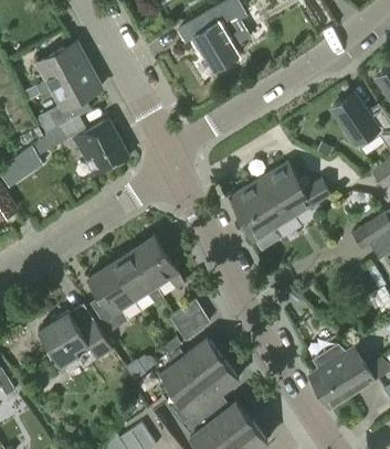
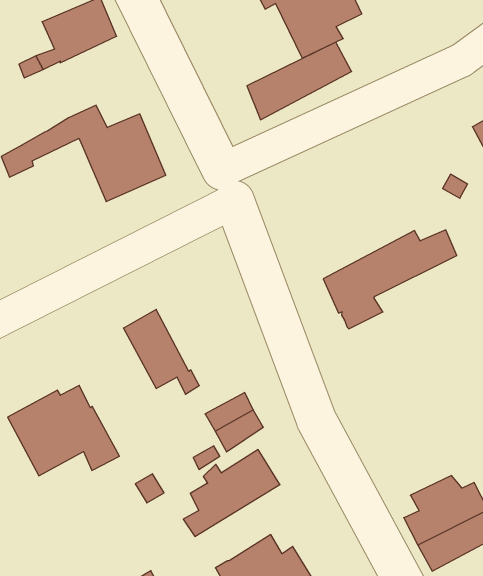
building: [38,68,101,136] -> none
building: [230,163,299,220] -> [247,42,352,120]
building: [130,235,185,290] -> none
building: [87,264,135,334] -> none
building: [169,360,239,414] -> none

